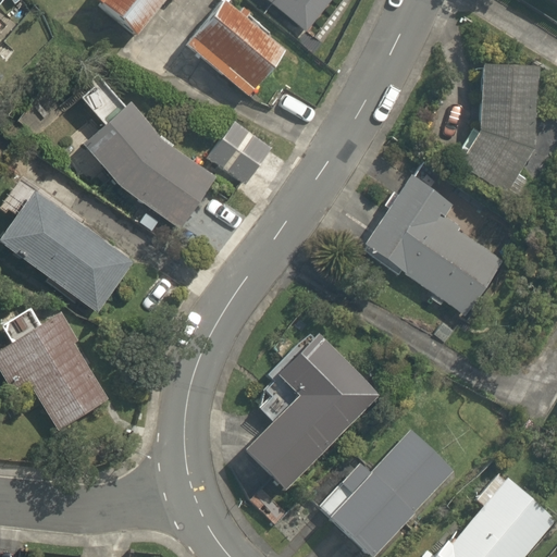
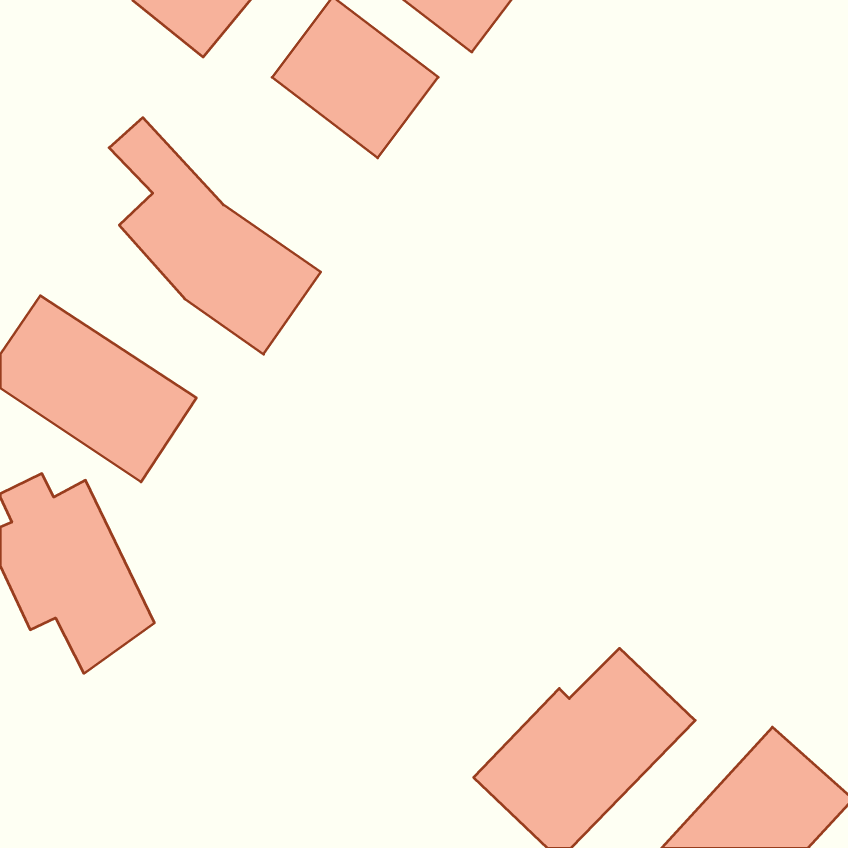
building: [456,60,539,193] -> none
building: [208,116,275,183] -> none
building: [366,176,509,315] -> none
building: [242,334,376,493] -> none

